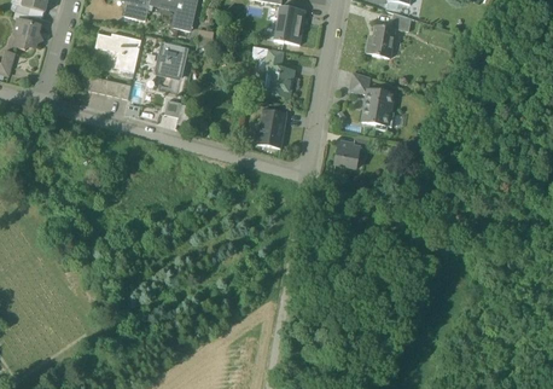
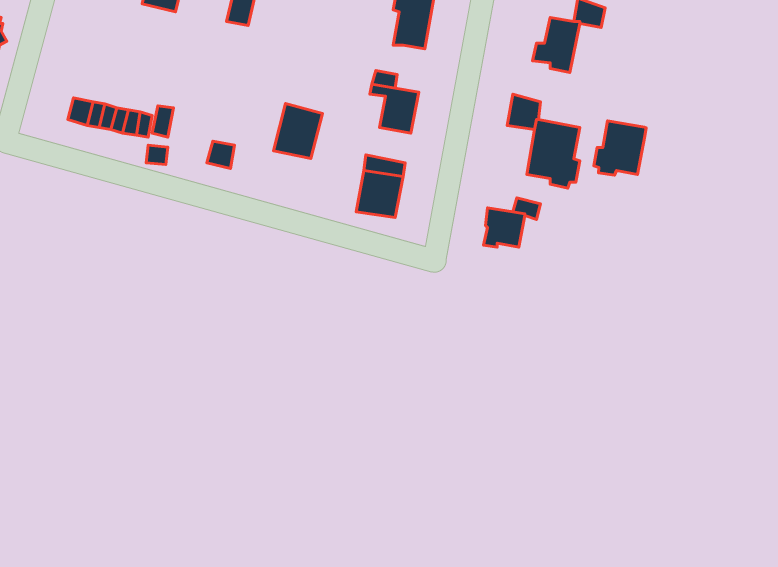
building: [94,33,140,71] -> none
building: [155,43,185,77] -> [274,104,323,159]
building: none -> [594,121,646,175]

